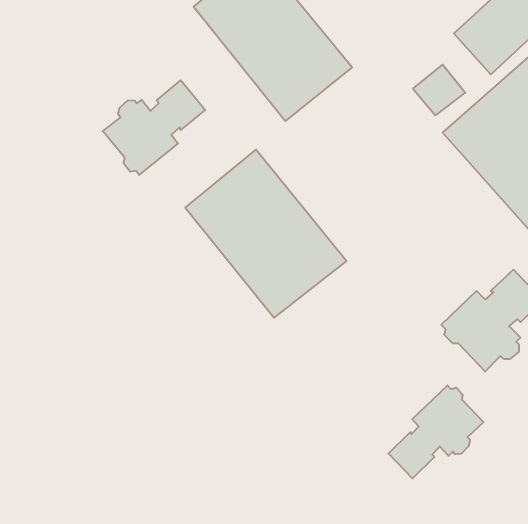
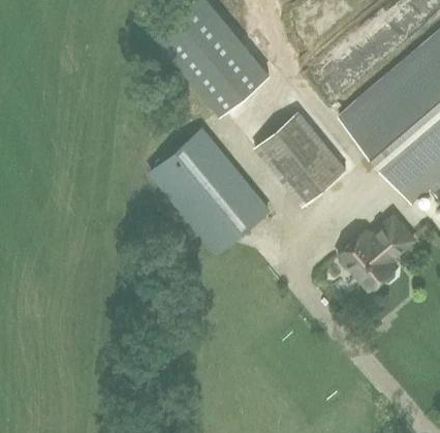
building: [103,80,205,175] -> none
building: none -> [255,113,347,207]
building: [388,385,484,478] -> none

